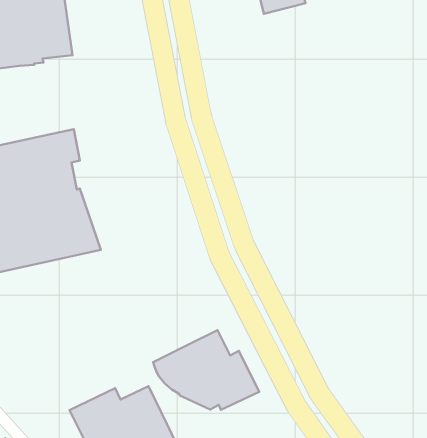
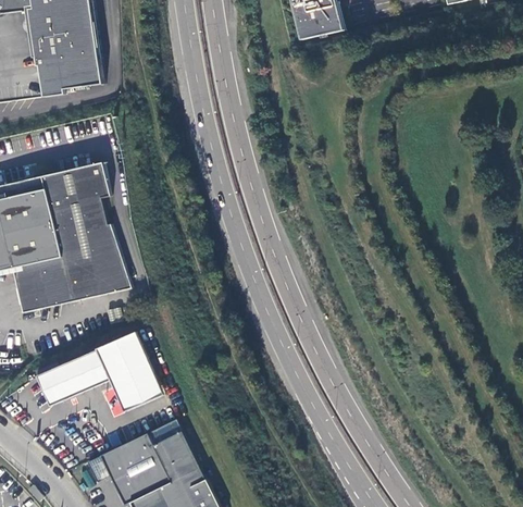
building: none -> [35,332,161,410]
building: [153,330,259,410] -> none

